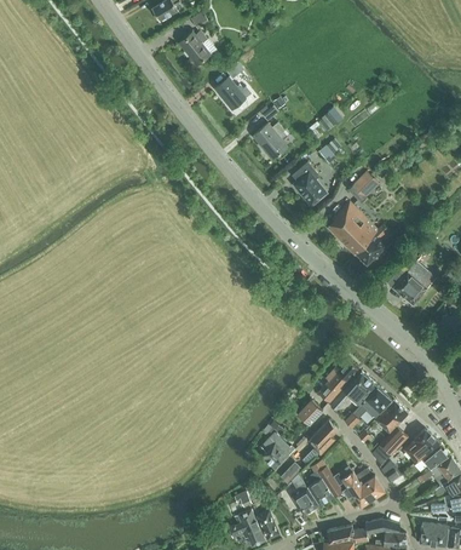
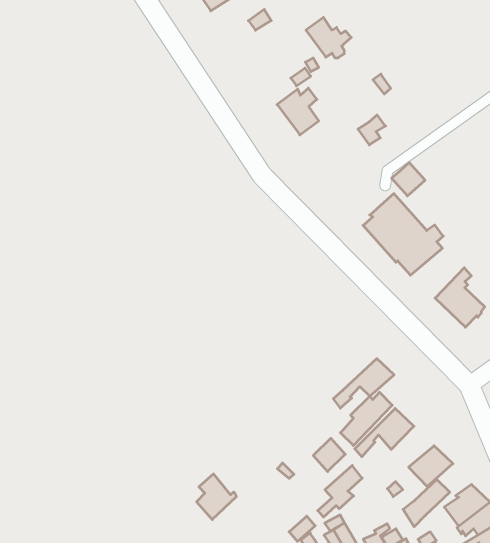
building: [215,78,252,109] -> [306,17,351,58]
building: [292,161,327,206] -> none
building: [345,386,392,428] -> [333,359,394,408]
building: [263,432,294,469] -> [197,474,236,520]

